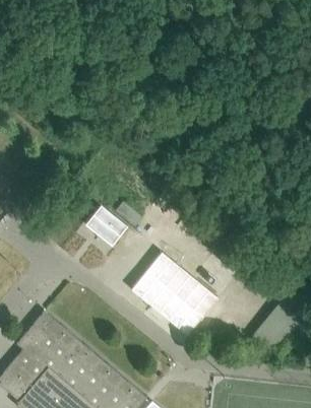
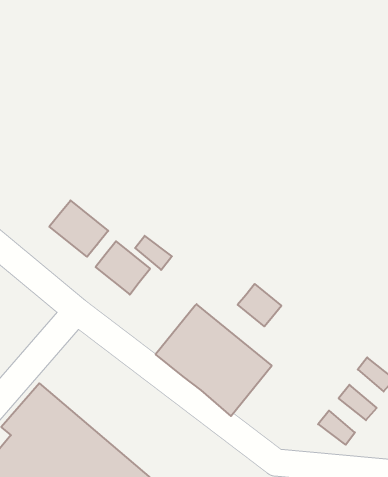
building: none -> [49,200,108,257]
building: none -> [238,284,281,326]

